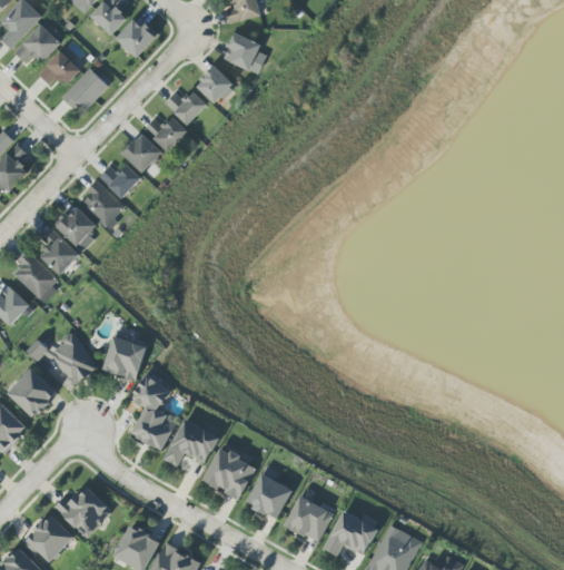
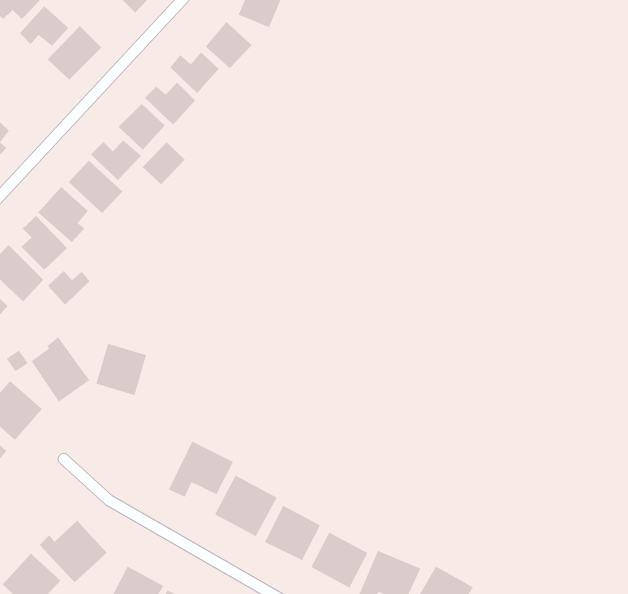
building: none -> [142,141,185,185]
building: none -> [47,270,90,306]
building: [130,374,177,450] -> none

